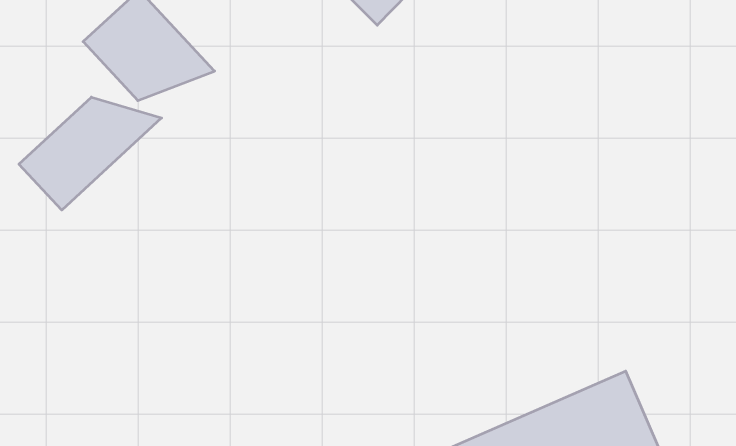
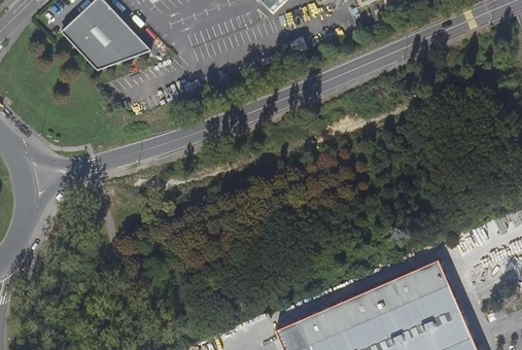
building: [19,97,162,210] -> none

